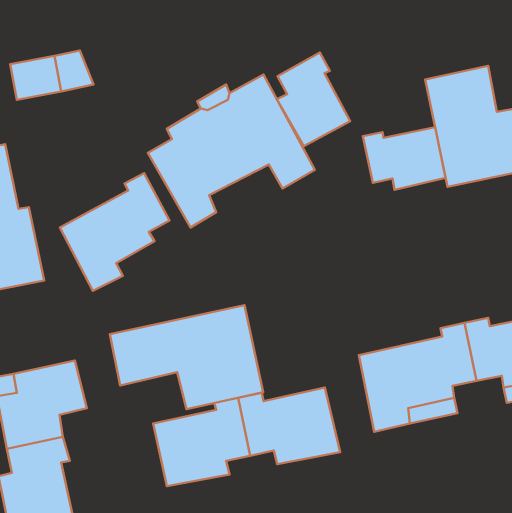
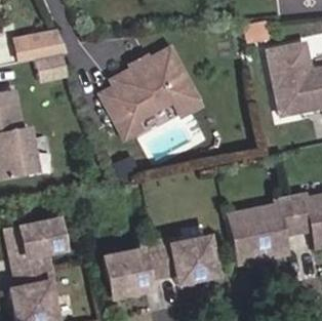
building: [277,53,350,146] -> none
building: [363,127,446,190] -> none
building: [60,173,170,291] -> none
building: [110,305,263,409] -> none

